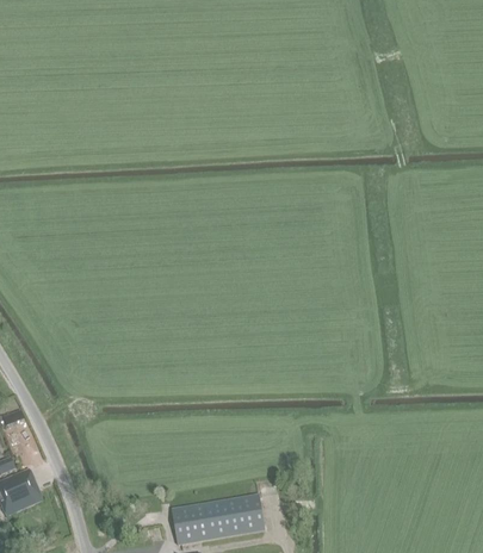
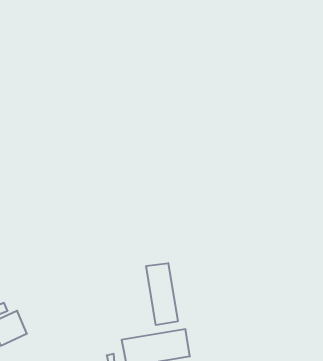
building: none -> [146,263,178,325]

